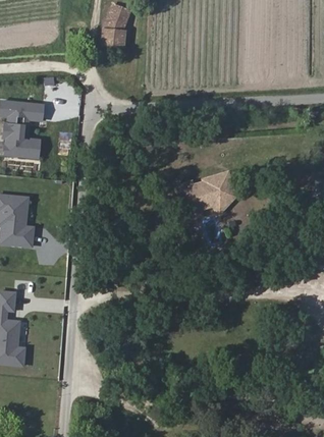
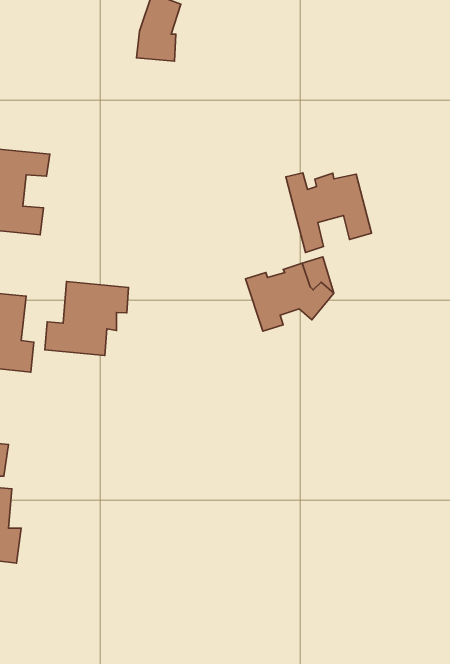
building: none -> [286,173,371,252]
building: none -> [45,281,129,356]

